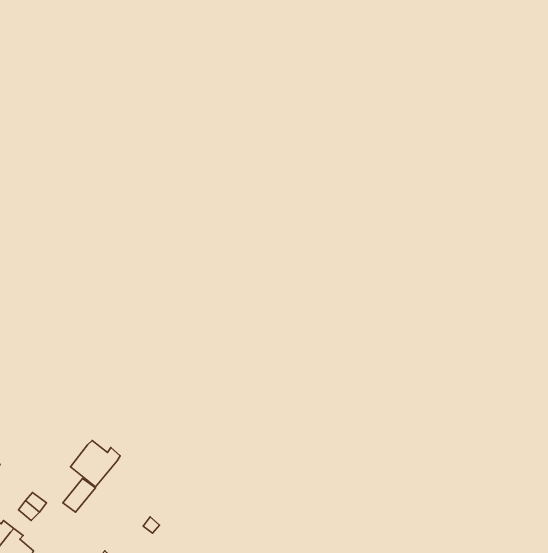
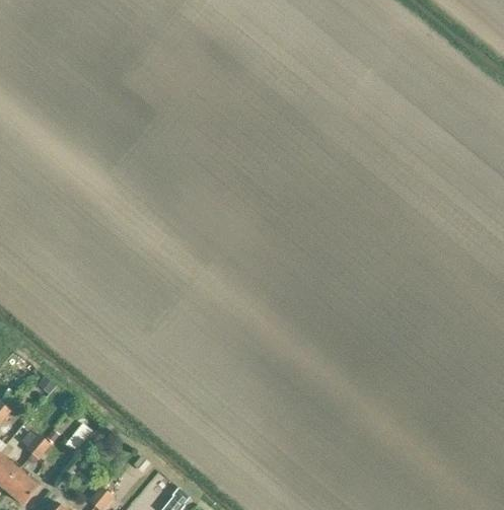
building: [71,441,120,487] -> none

